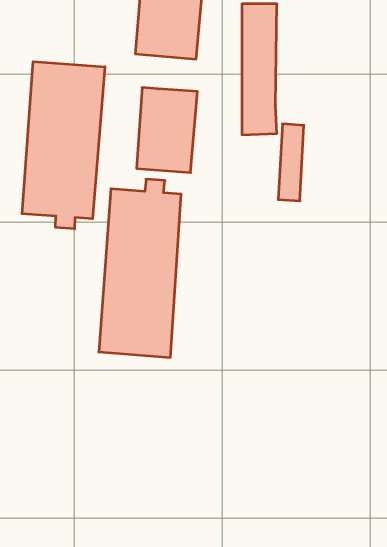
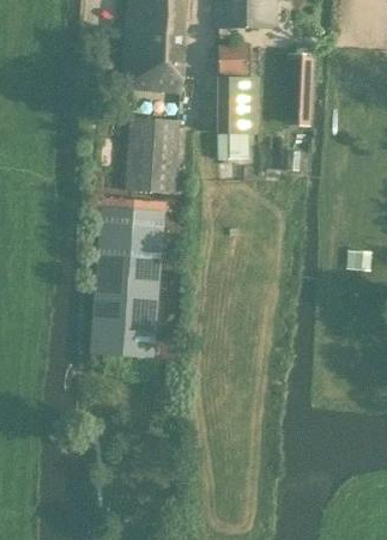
building: [22,62,105,229] -> none
building: [278,124,304,201] -> [289,55,312,123]

